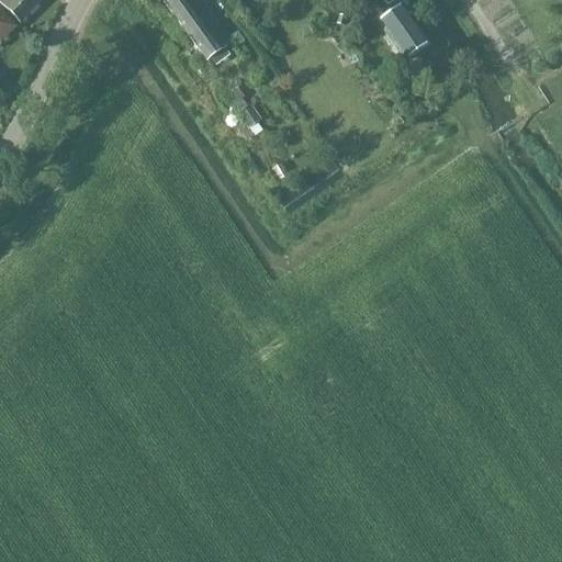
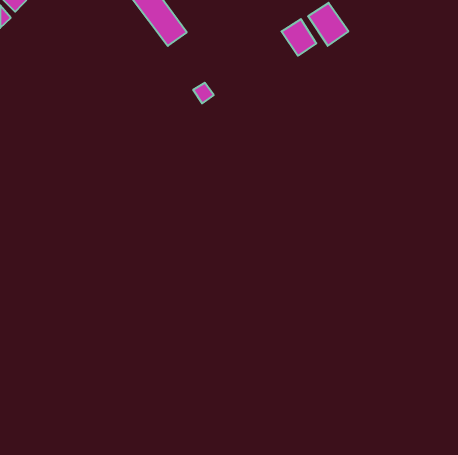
building: none -> [281,19,316,56]

